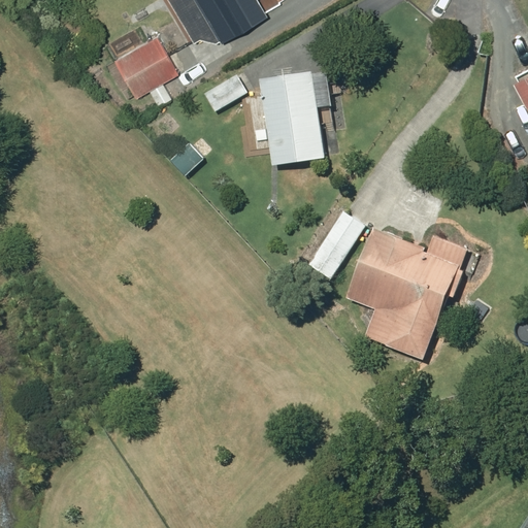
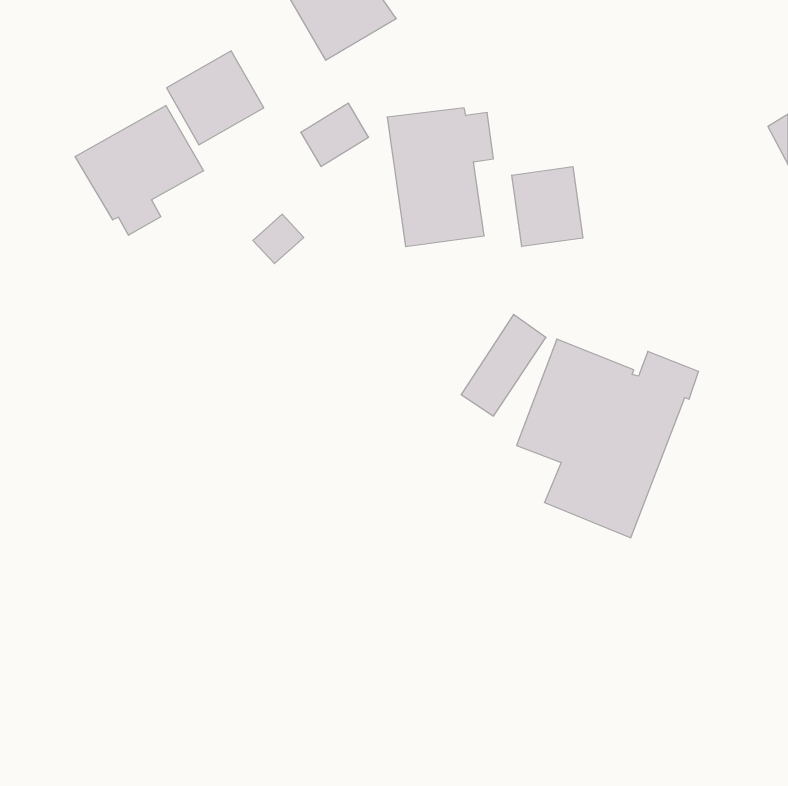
building: none -> [75,105,203,235]
building: none -> [512,167,583,247]

